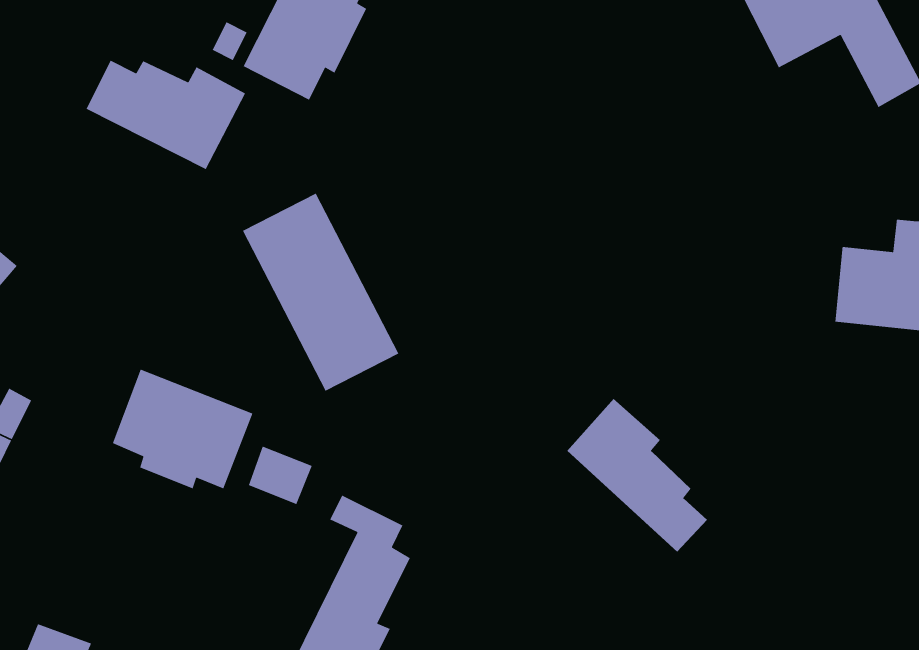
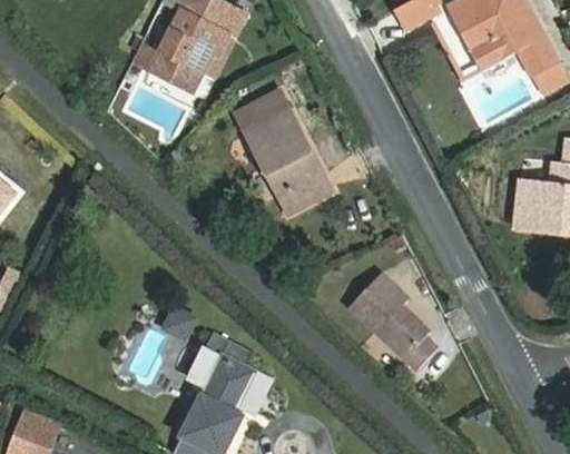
building: [86,60,246,170] -> none
building: [242,192,400,392] -> [235,90,332,213]
building: [112,368,253,489] -> none

